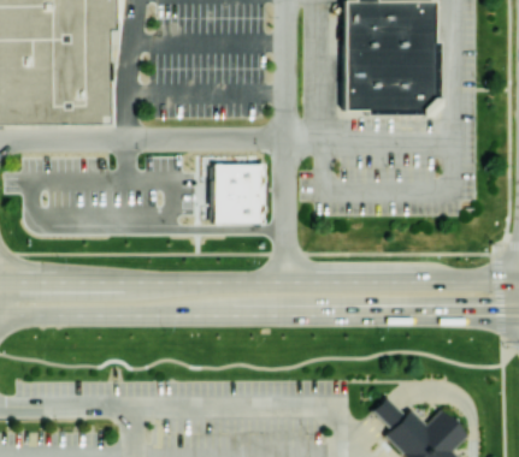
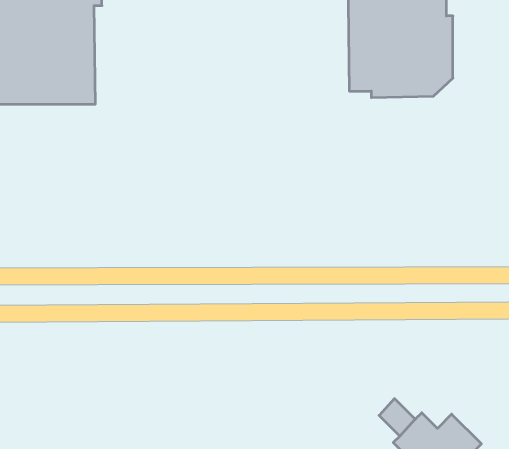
building: [216,166,266,225] -> none

